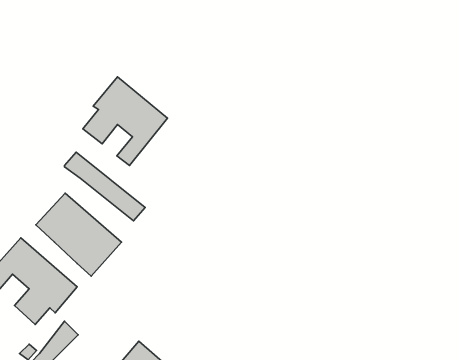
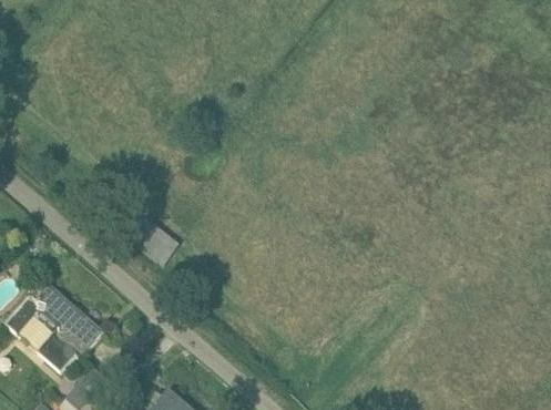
building: [83,77,167,166] -> none
building: [36,193,121,276] -> none

